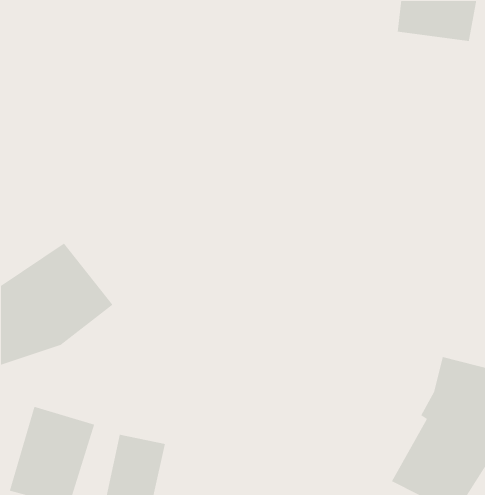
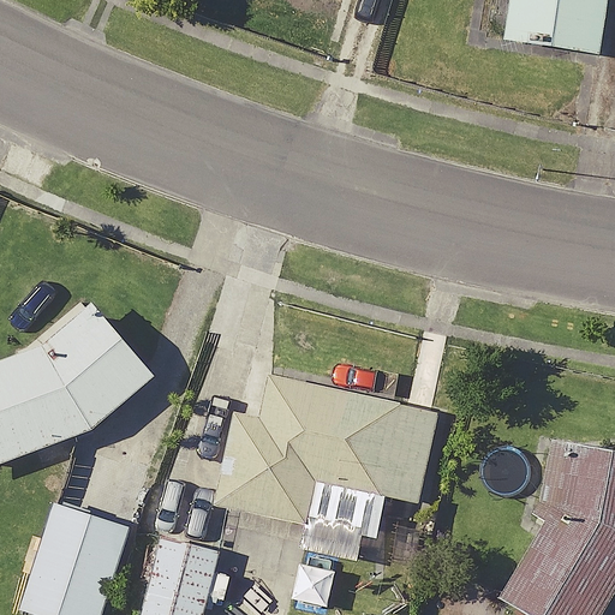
building: none -> [227,375,438,538]

